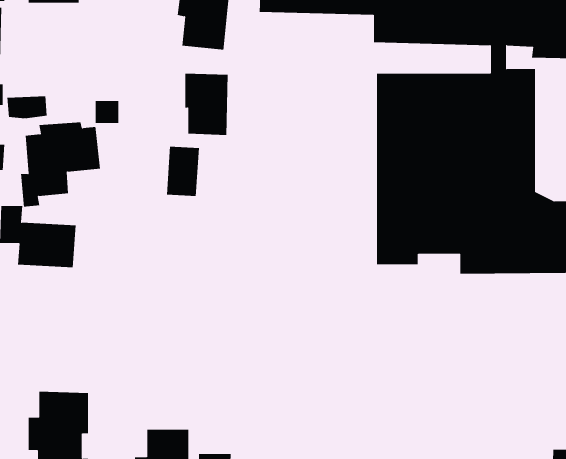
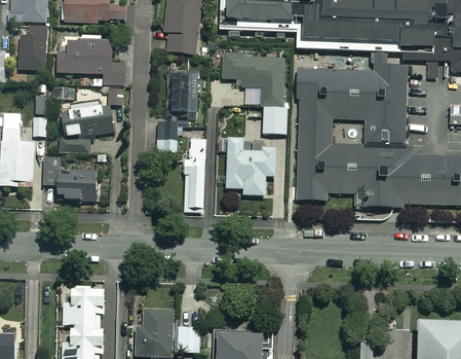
building: none -> [57,33,124,84]
building: none -> [222,51,286,133]
building: none -> [226,137,276,194]
building: none -> [182,138,205,212]

